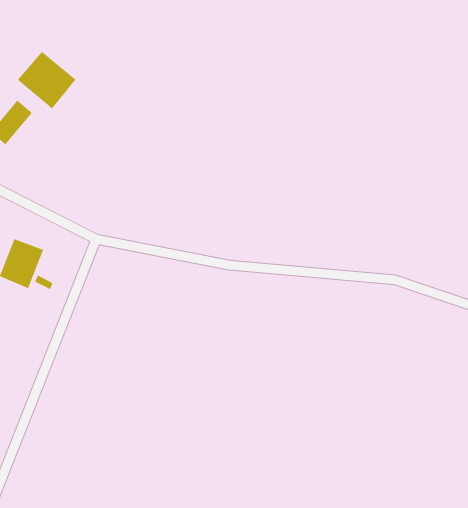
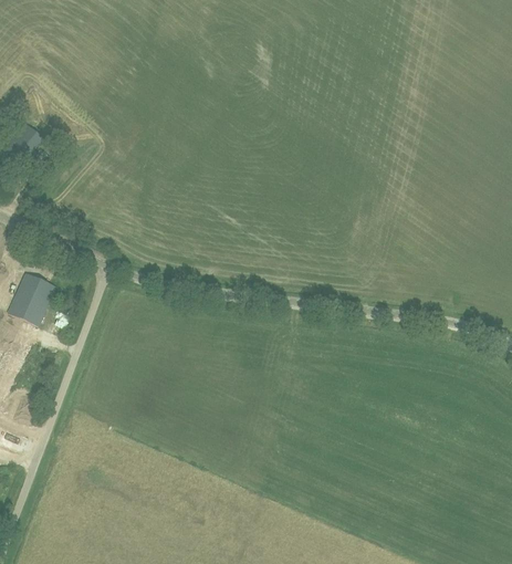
building: [17,51,77,110] -> none

